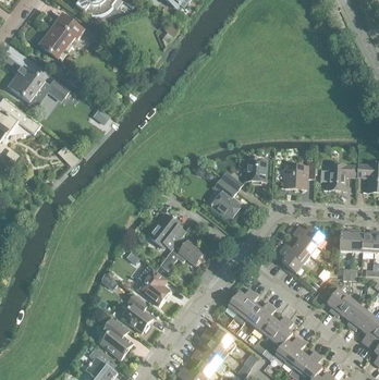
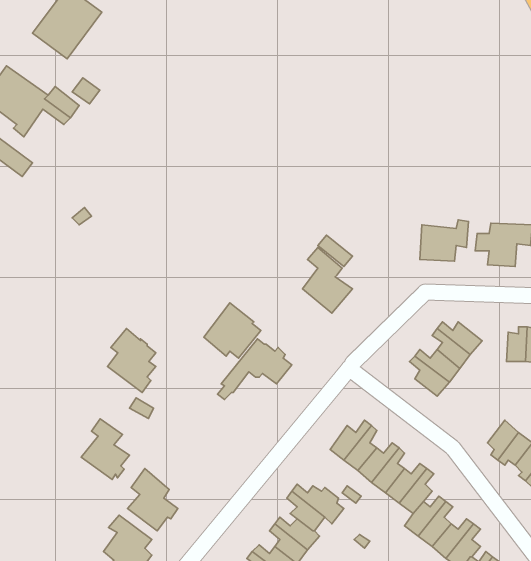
building: [244,159,265,182] -> none
building: [135,265,166,305] -> [107,328,156,392]
building: [120,294,150,332] -> [81,419,129,479]

